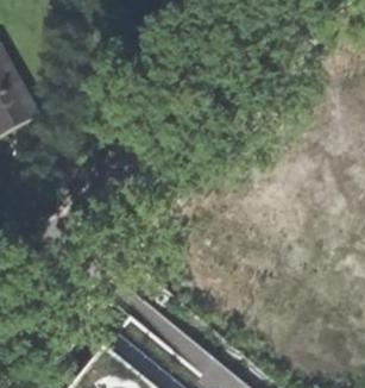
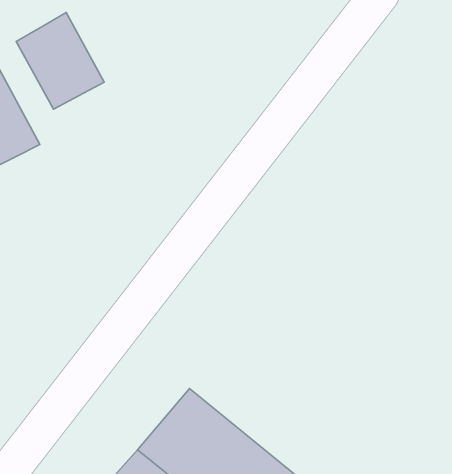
building: none -> [16,12,104,109]

